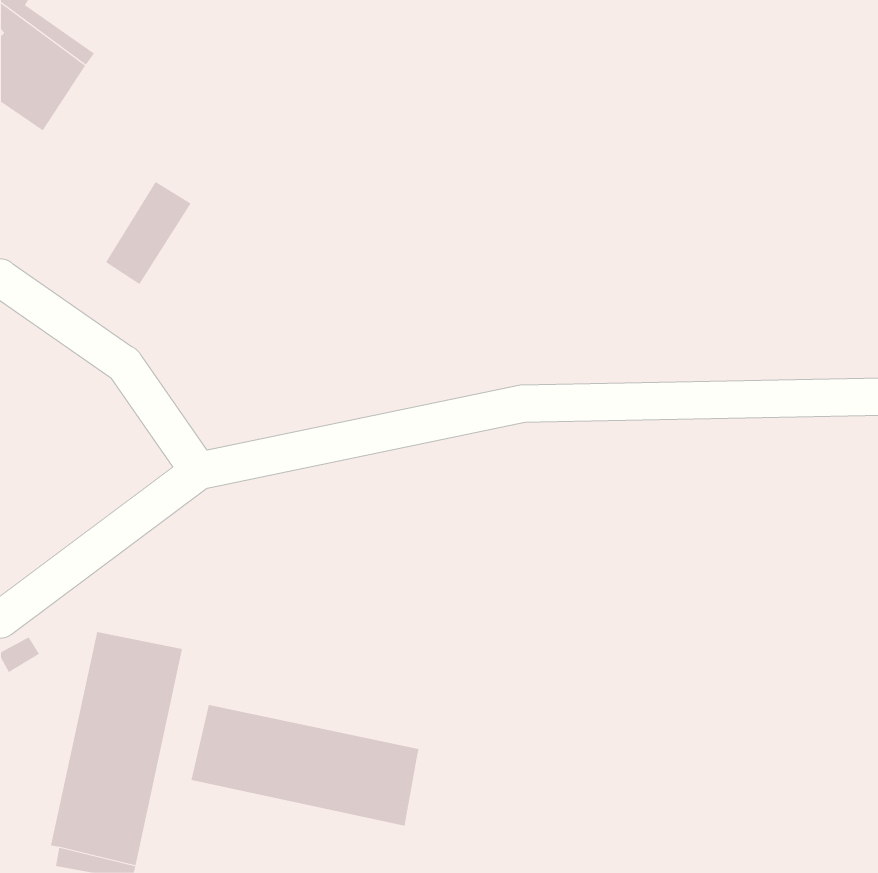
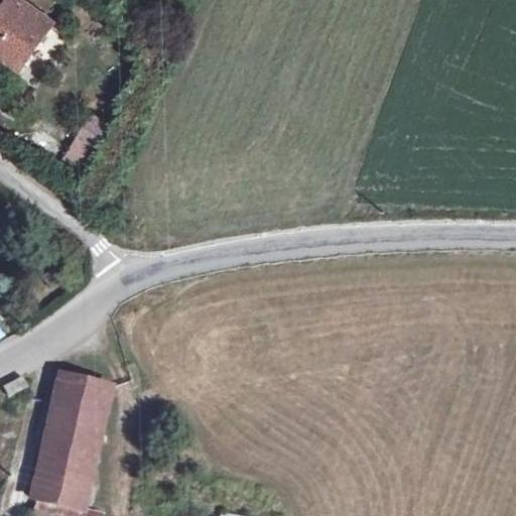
building: [191,704,419,826] -> none

